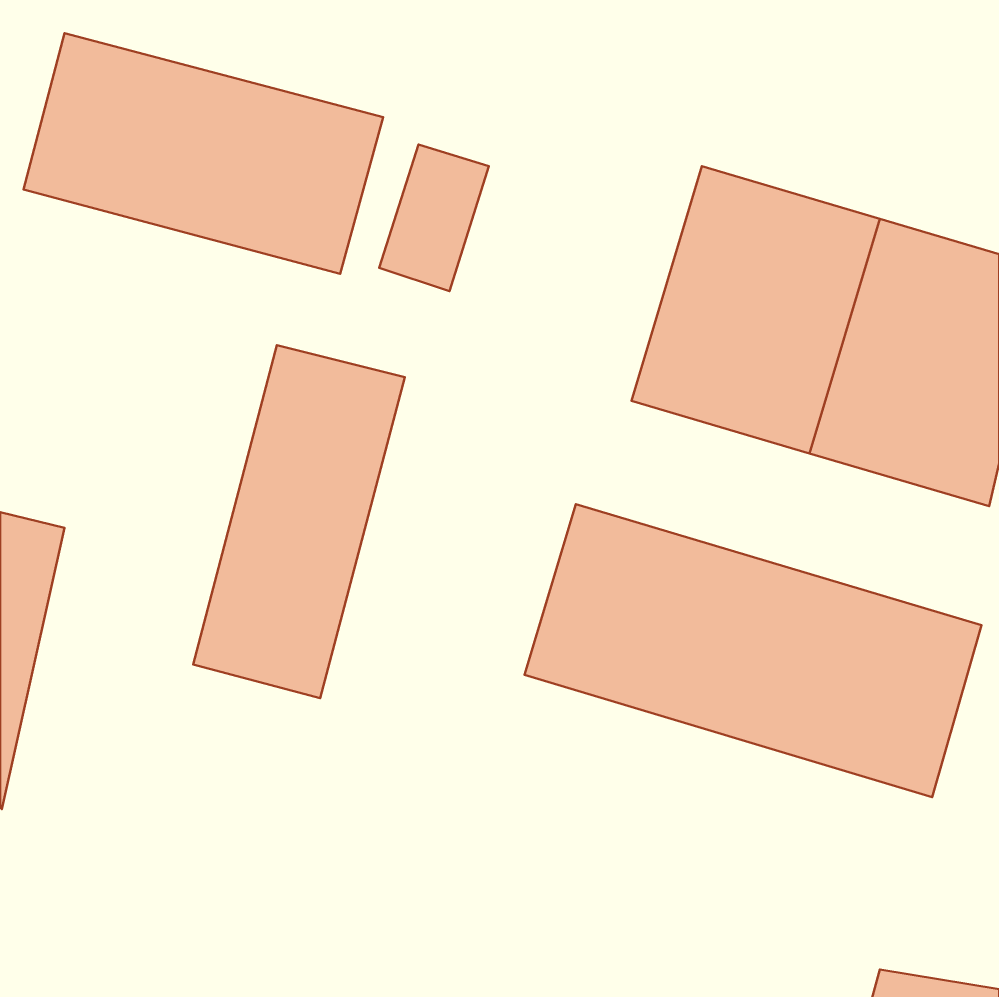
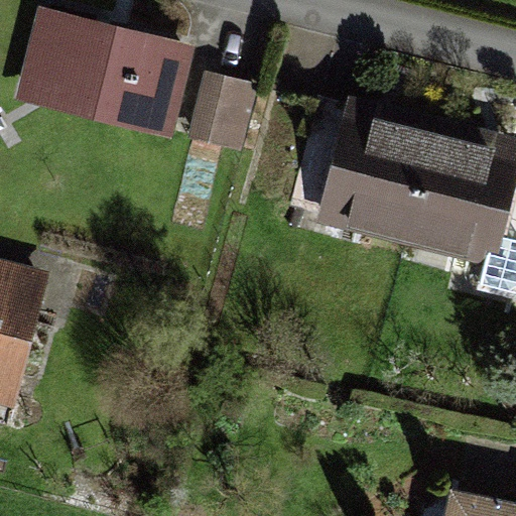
building: [193,345,405,698] -> none
building: [524,504,982,797] -> none

